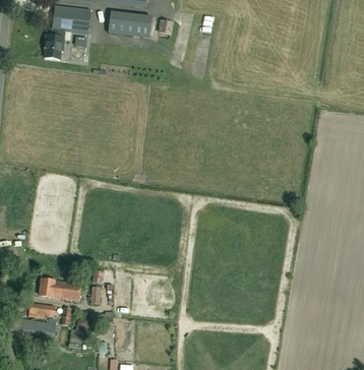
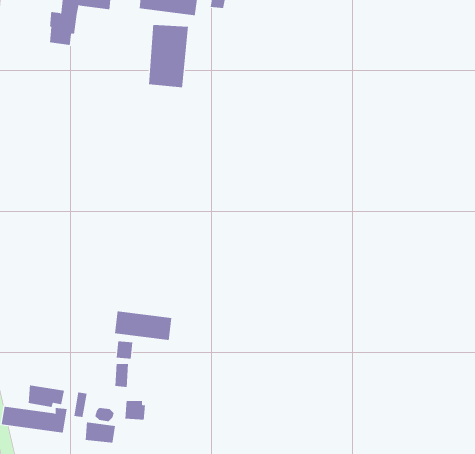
building: none -> [149,24,189,88]
building: [39,279,80,300] -> [114,311,172,341]

